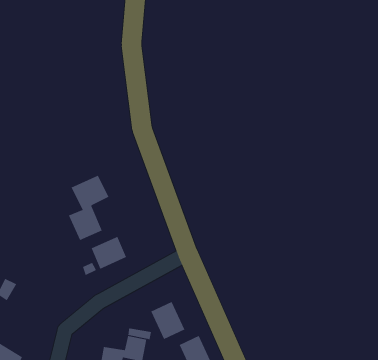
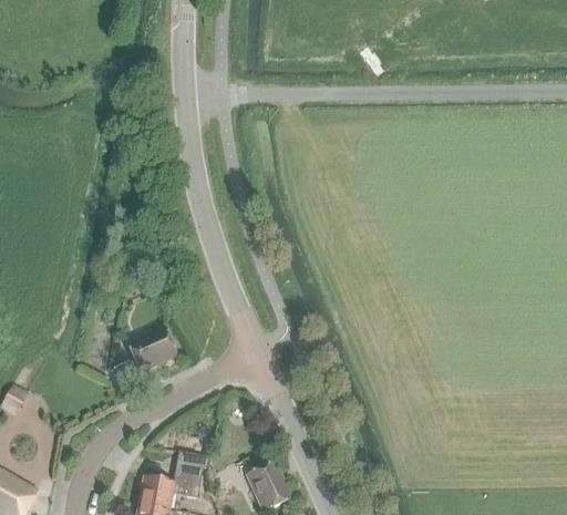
building: [68,175,109,241] -> none
building: [150,301,185,340] -> none

